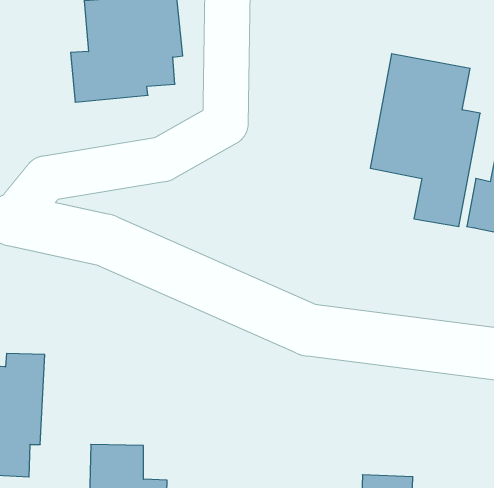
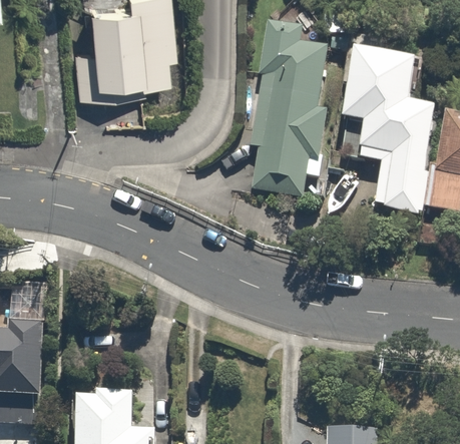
building: none -> [246,20,332,196]

